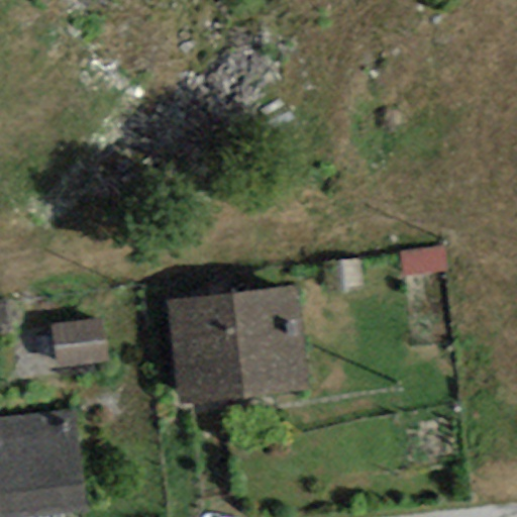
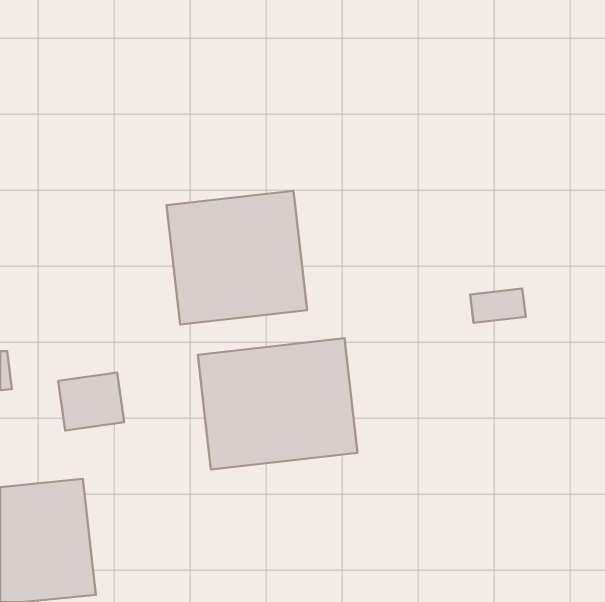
building: none -> [167,191,307,325]

